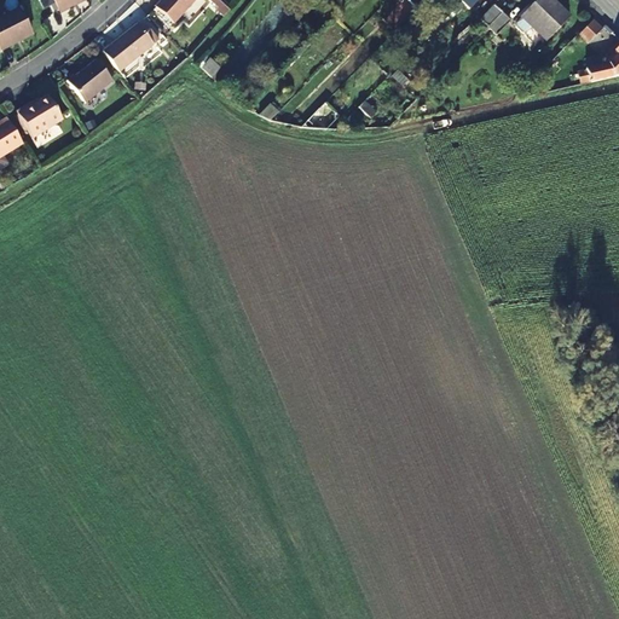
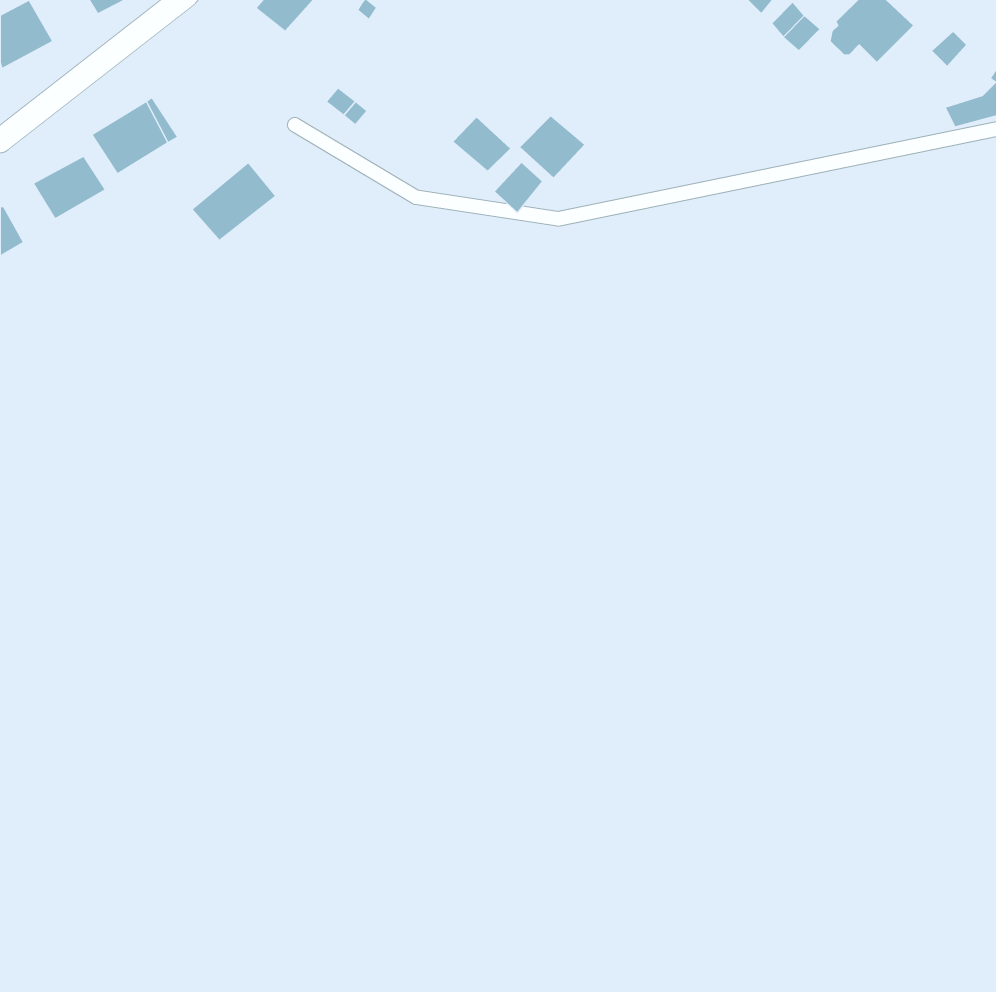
building: [106,21,158,69] -> [192,163,276,241]
building: none -> [520,116,585,178]
building: none -> [453,117,511,172]

